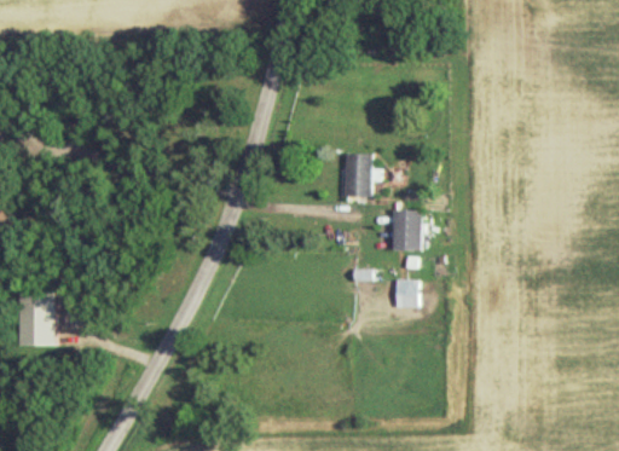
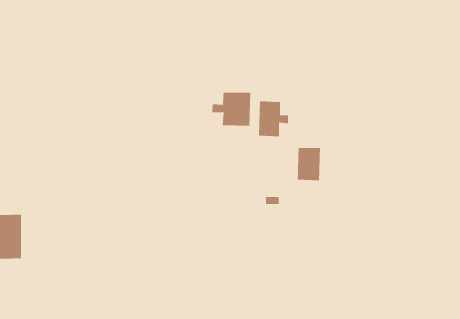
building: none -> [211,92,251,126]
building: [394,281,417,308] -> none

